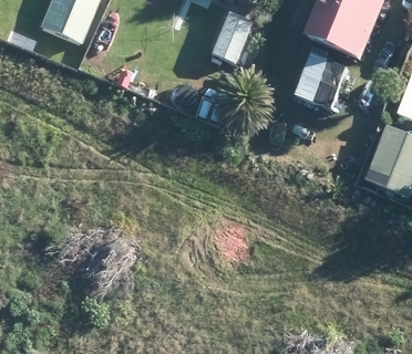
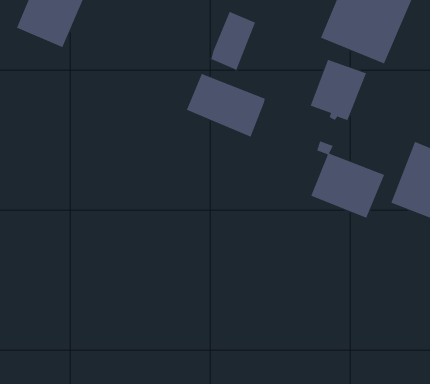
building: none -> [186,73,265,138]
building: none -> [311,140,385,218]

